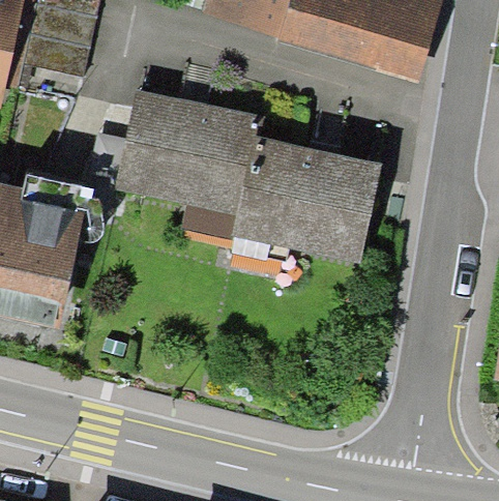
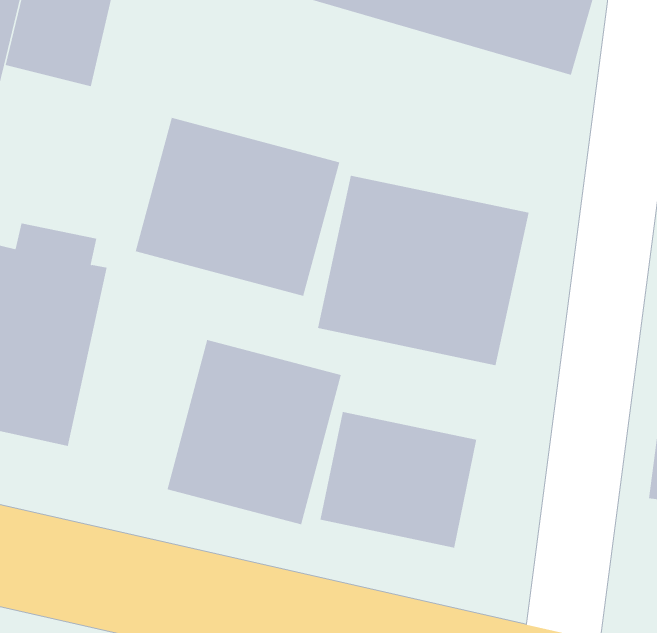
building: none -> [167,339,341,525]
building: none -> [320,411,477,549]

